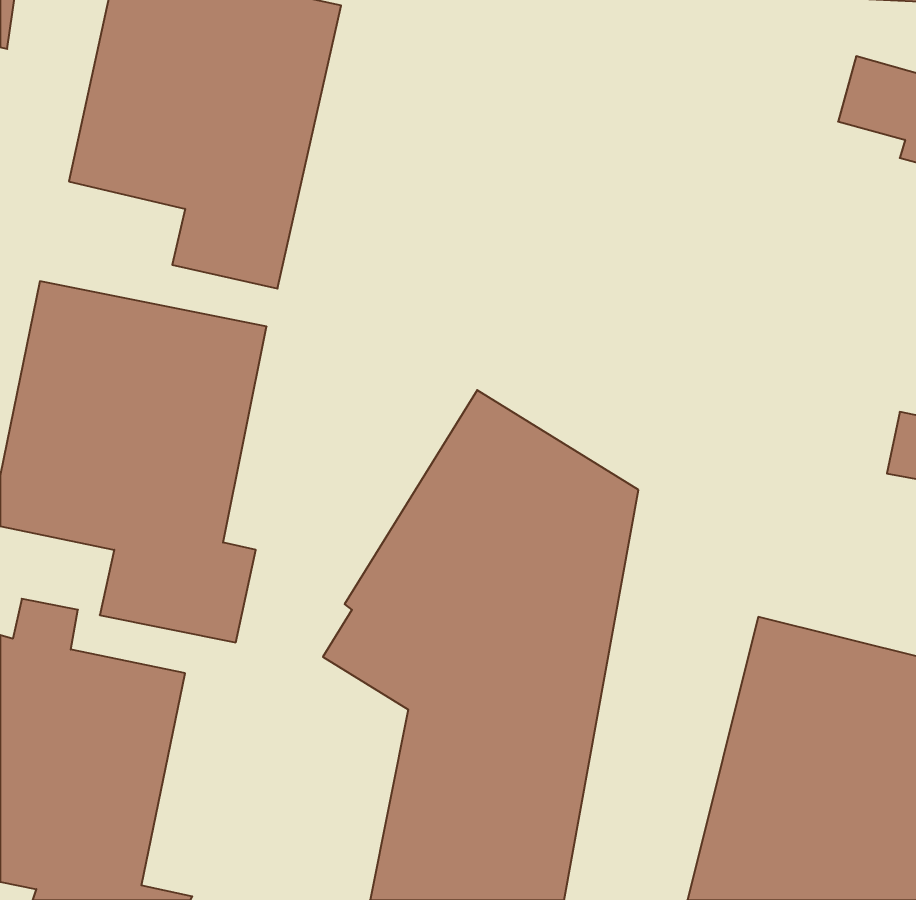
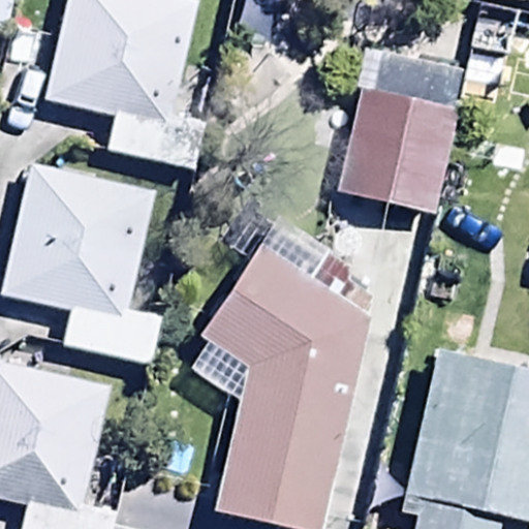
building: none -> [336,51,468,218]

